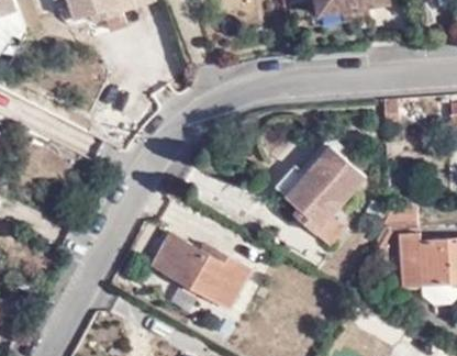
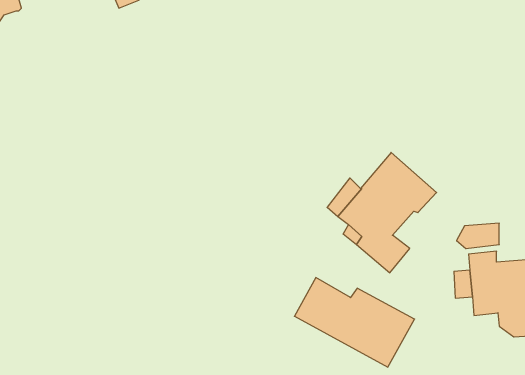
building: [149,240,248,313] -> [294,278,415,367]

